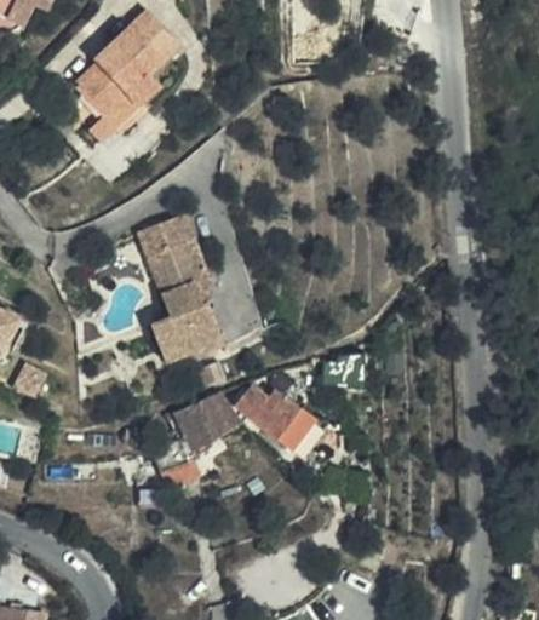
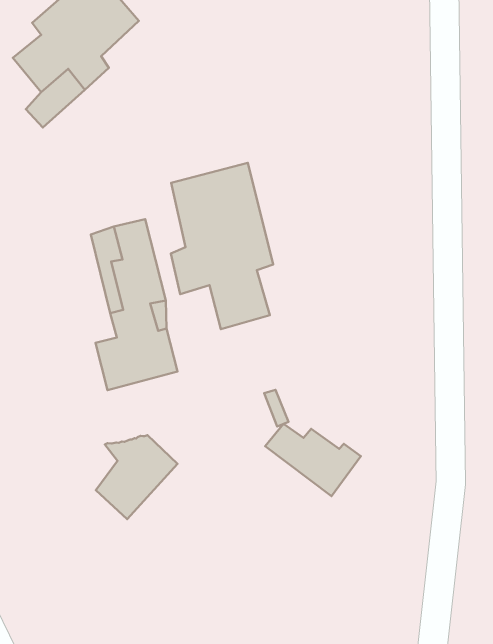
building: none -> [171,163,273,329]
building: [230,391,314,450] -> [265,424,361,496]

